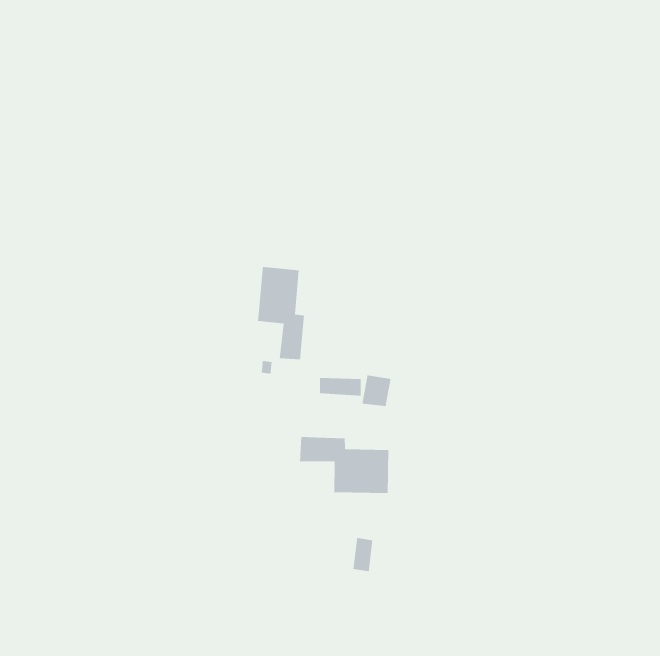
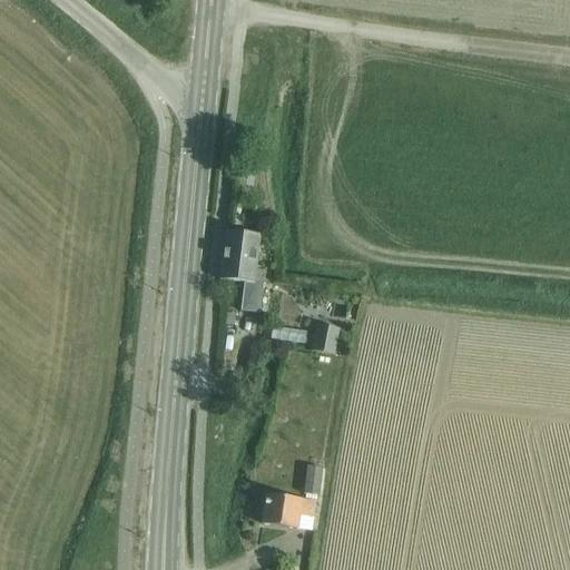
building: [299,436,389,494] -> none
building: none -> [263,491,314,525]

